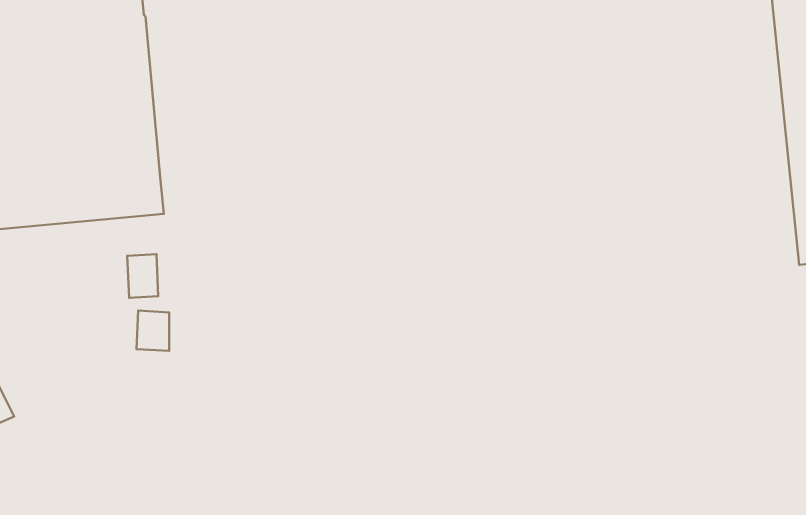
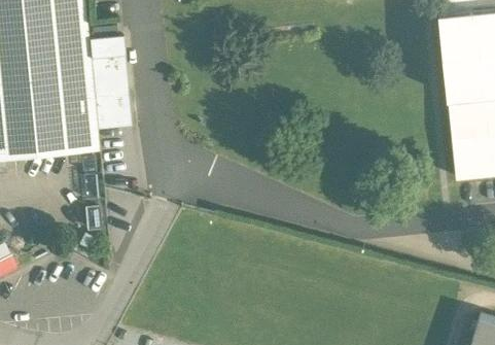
building: none -> [89,35,130,129]

